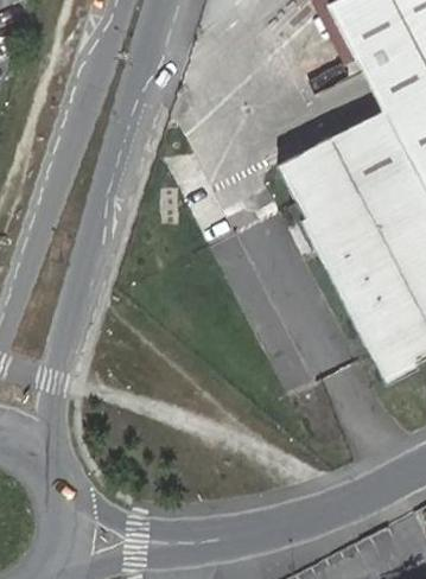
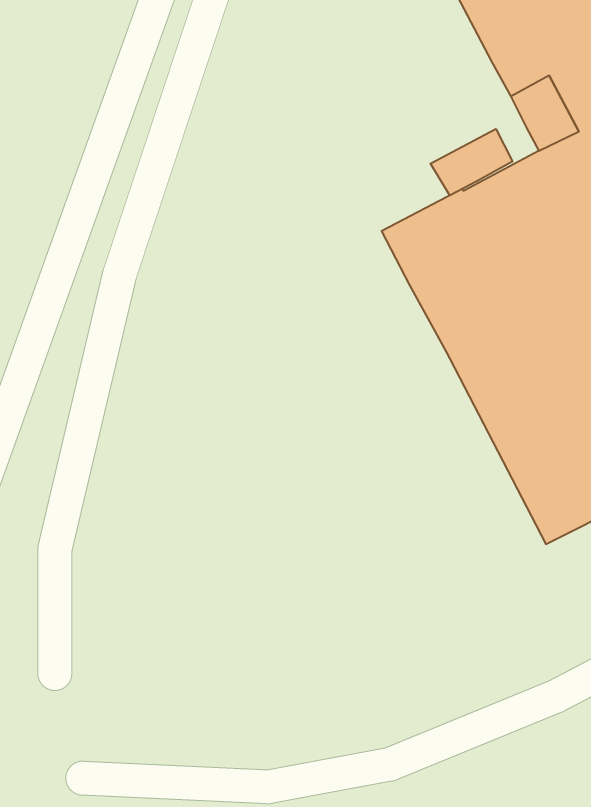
building: none -> [430,129,512,195]

